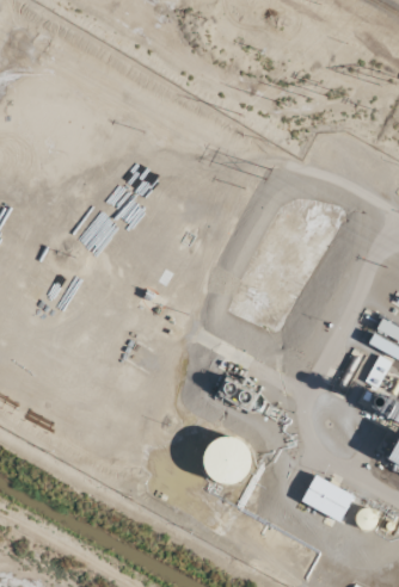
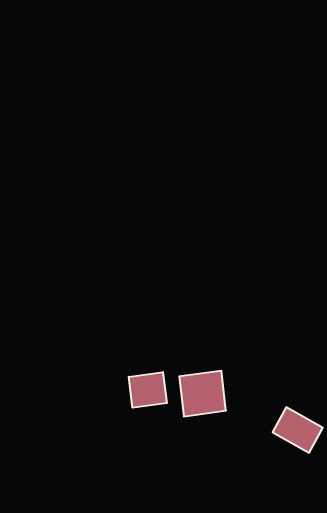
building: none -> [129,372,167,408]

